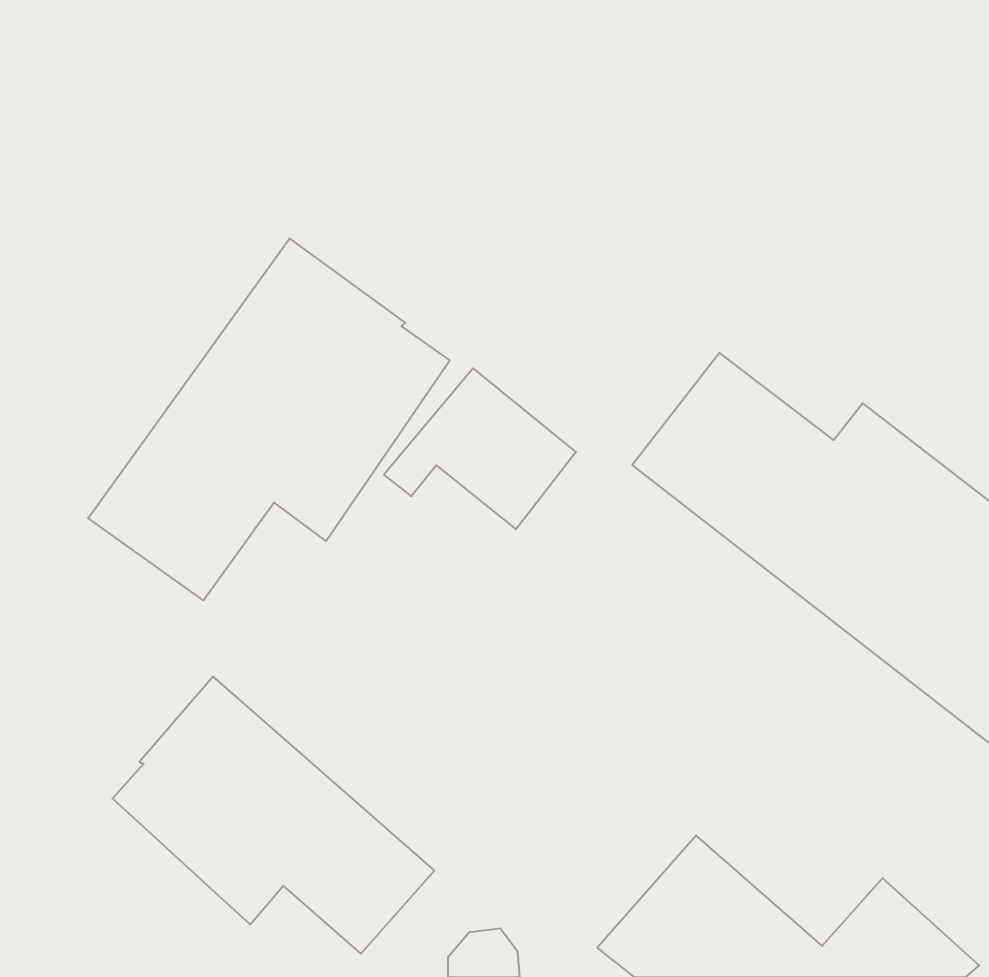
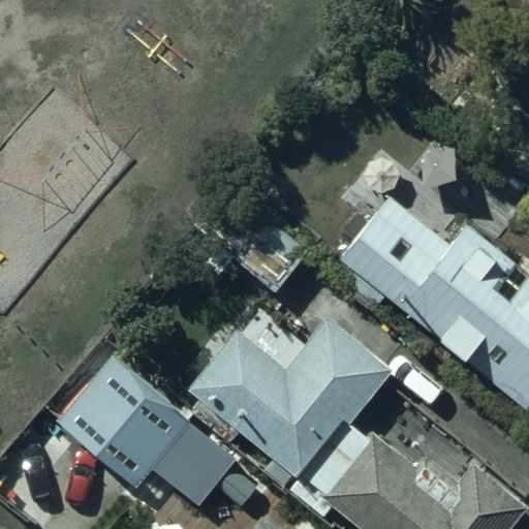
building: [88,238,450,600] -> none
building: none -> [191,330,385,484]

